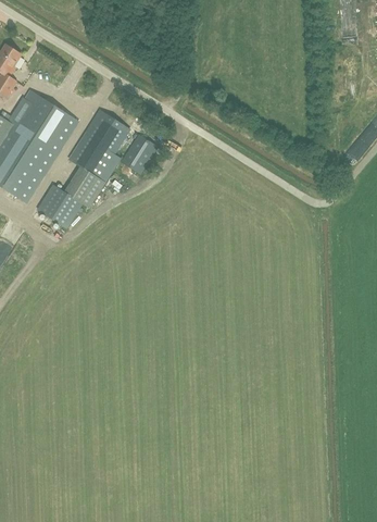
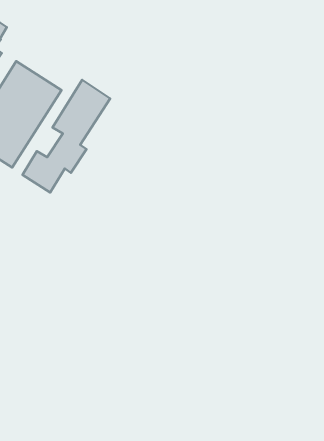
building: [121,134,155,172] -> none

